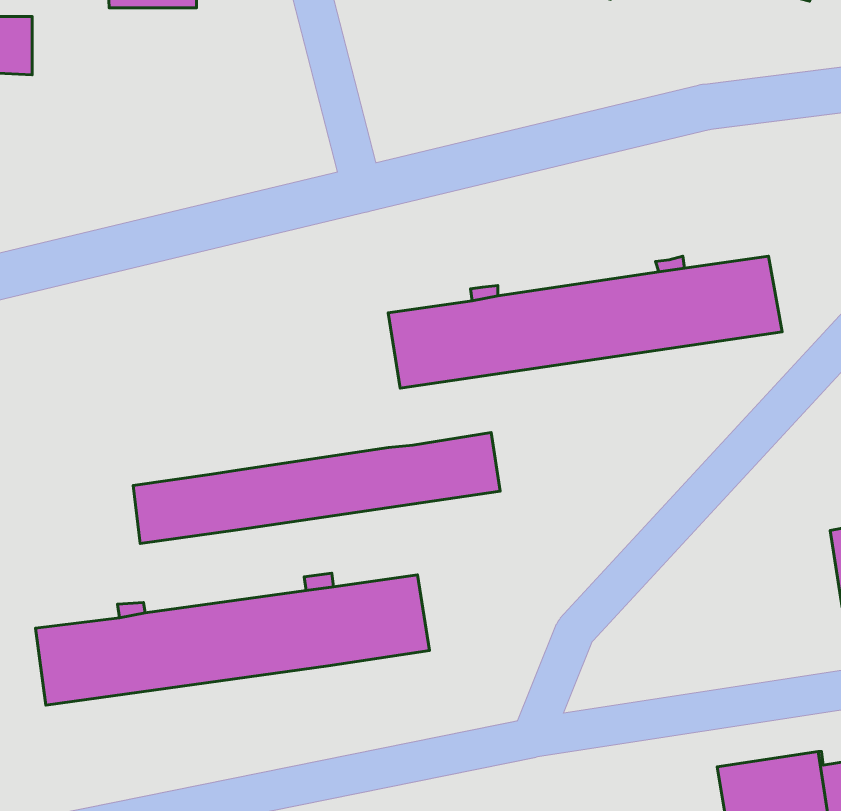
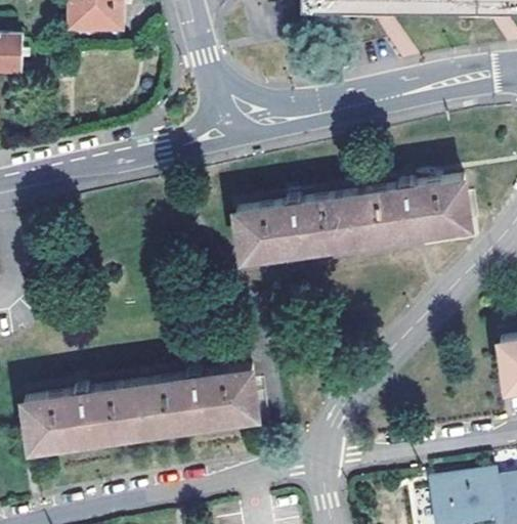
building: [133,432,500,543] -> none

